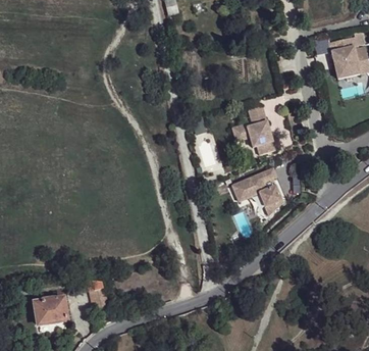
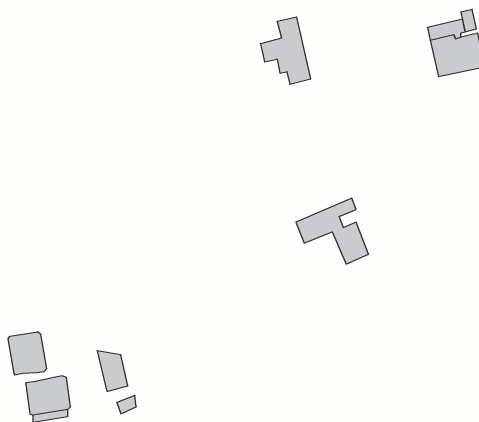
building: [233,105,270,154] -> [260,17,311,84]
building: none -> [8,332,47,375]

